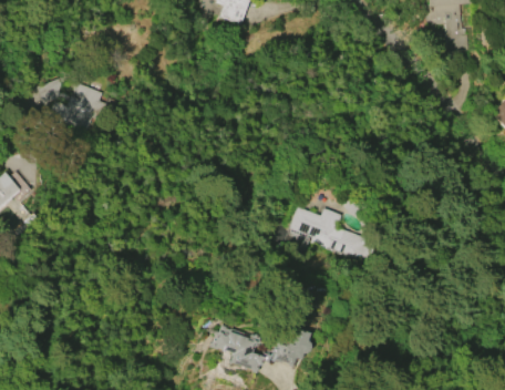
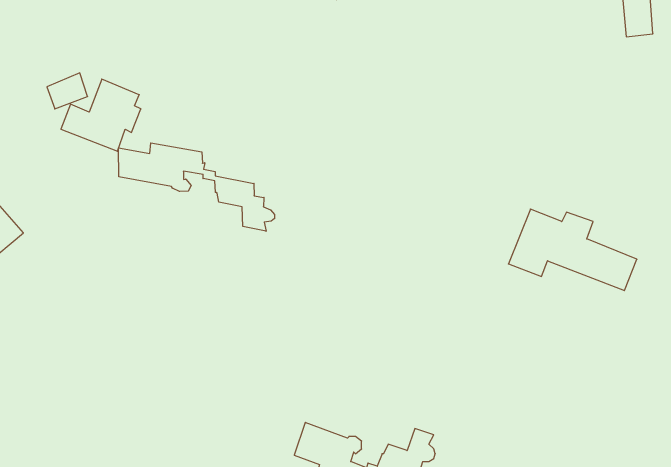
building: none -> [119,143,275,231]
building: [284,205,374,263] -> [508,209,637,291]

